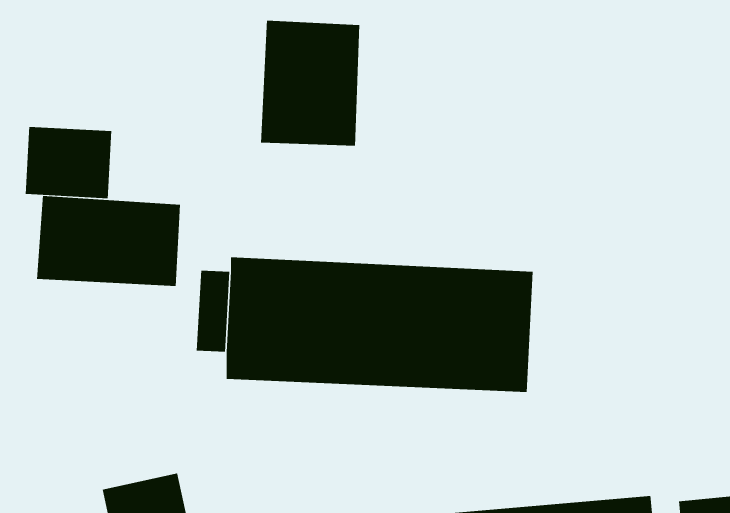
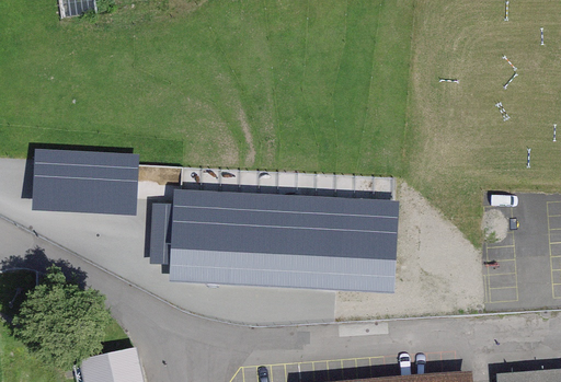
building: [260,20,360,146] -> none
building: [25,126,112,199] -> none

